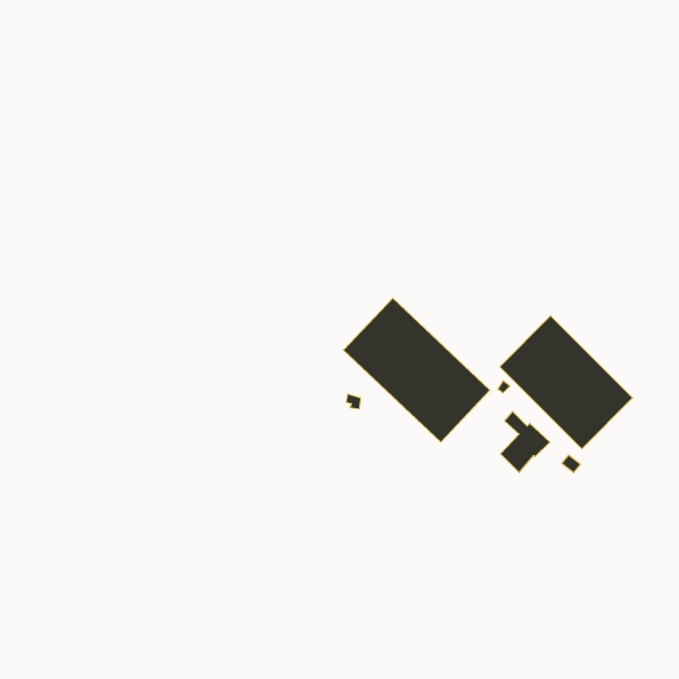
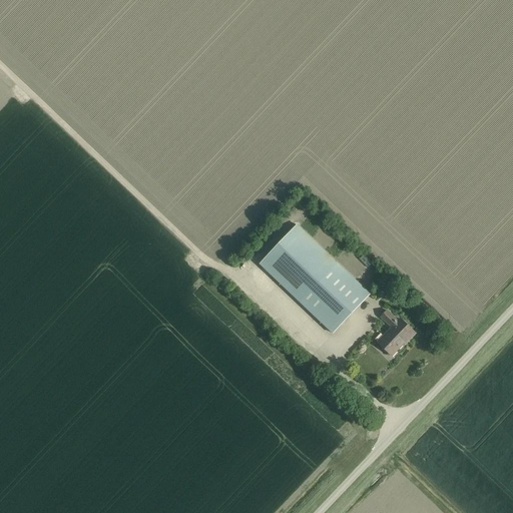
building: [500,316,633,449] -> none

